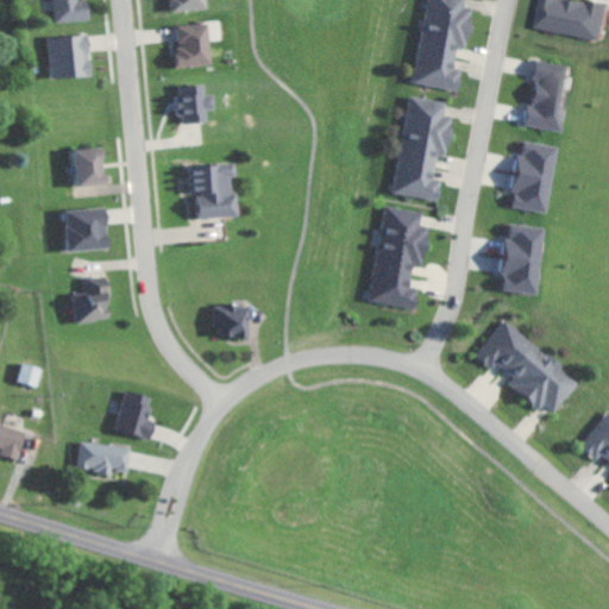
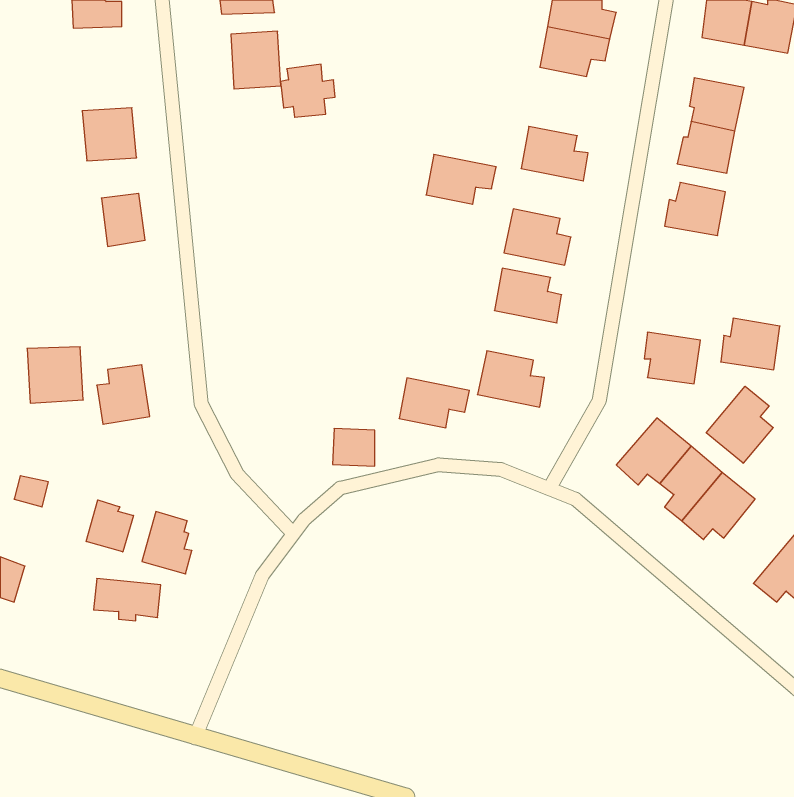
building: [54,36,95,76] -> [82,108,137,161]
building: [408,51,459,94] -> none
building: [177,83,219,124] -> [281,64,335,117]
building: [394,128,447,167] -> [426,154,496,204]
building: [194,163,244,219] -> none
building: [506,172,550,213] -> none
building: [71,208,114,251] -> [27,347,83,403]
building: [496,220,541,259] -> [721,318,780,370]
building: [373,237,427,275] -> [399,378,469,428]
building: none -> [706,386,773,463]
building: [212,306,244,334] -> [333,429,375,466]
building: none -> [86,500,133,552]

